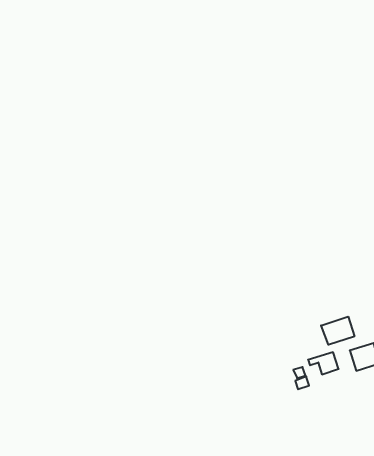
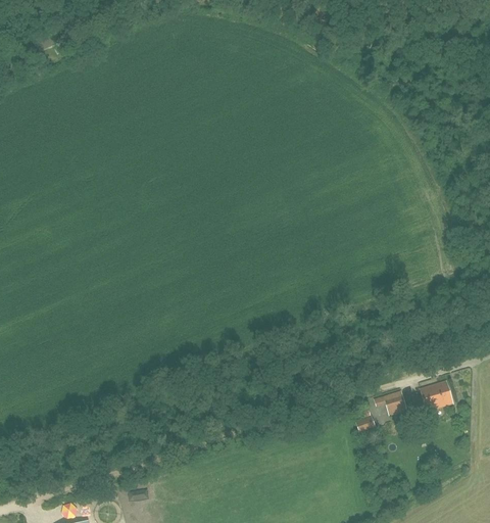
building: [321,317,354,345] -> none

